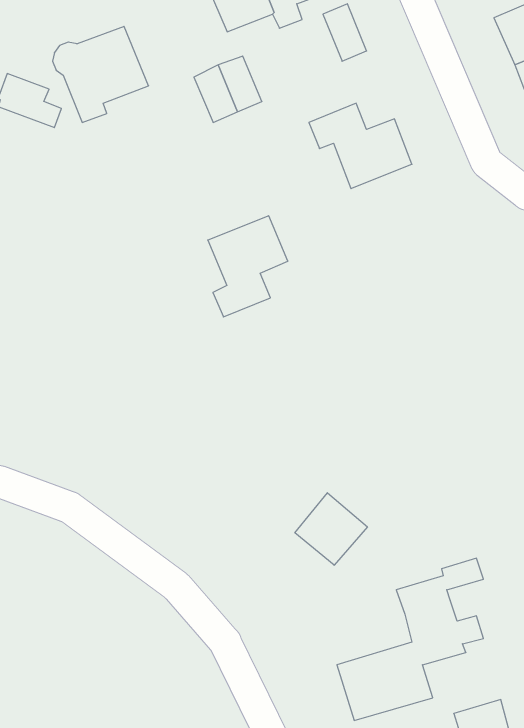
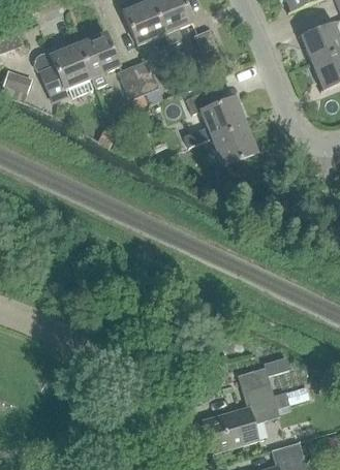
building: none -> [76,30,118,76]
building: [208,216,288,317] -> [211,123,258,183]
building: [295,493,367,565] -> none

